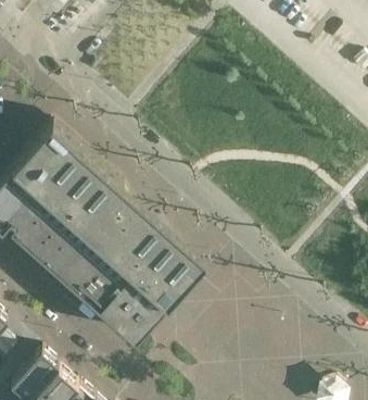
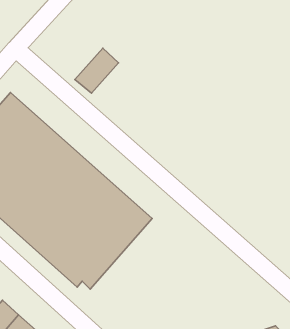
building: none -> [75,48,119,93]

